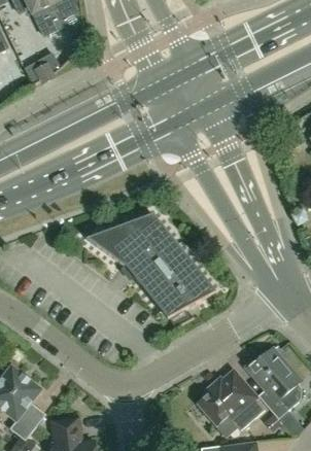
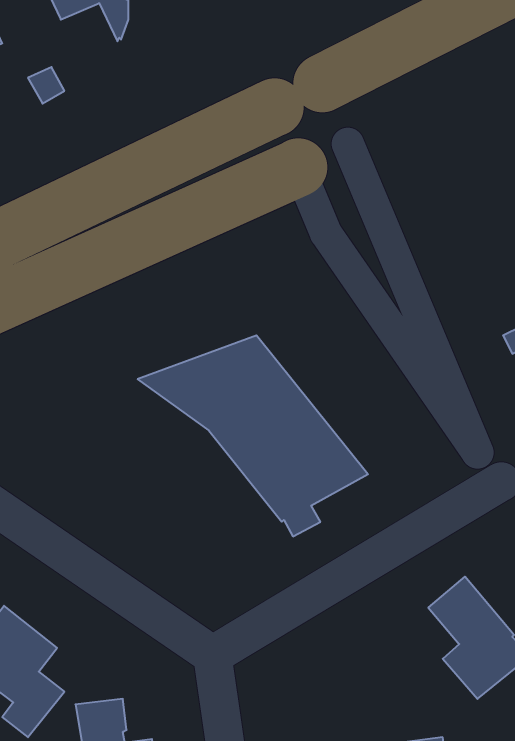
building: [198,370,265,430] -> none

